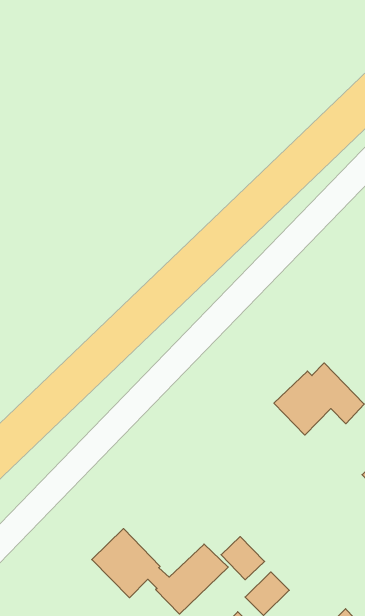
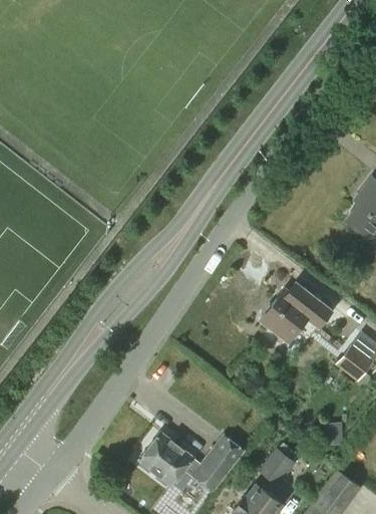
building: [221,537,265,580] -> none

